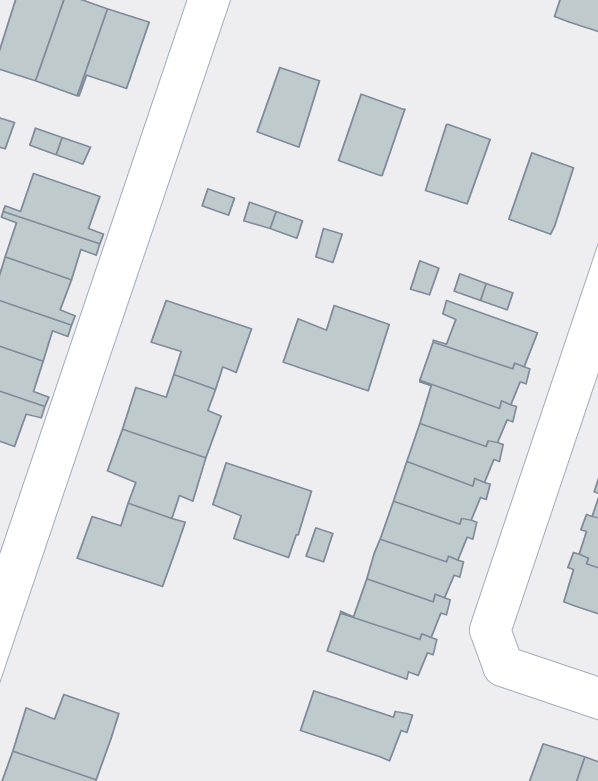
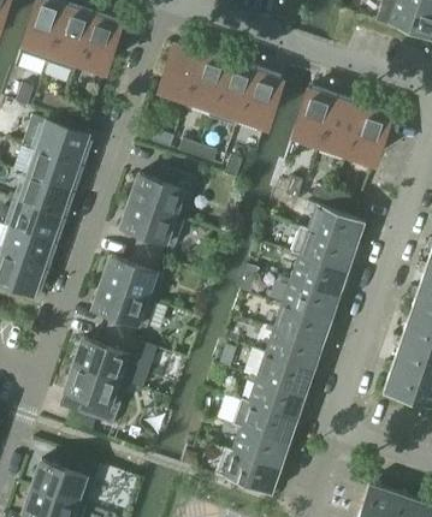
building: none -> [159,46,201,96]
building: none -> [213,64,253,114]
building: none -> [320,101,361,151]
building: [283,305,389,391] -> [129,167,196,221]
building: [213,463,311,558] -> [64,367,126,427]
building: none -> [223,426,294,468]

